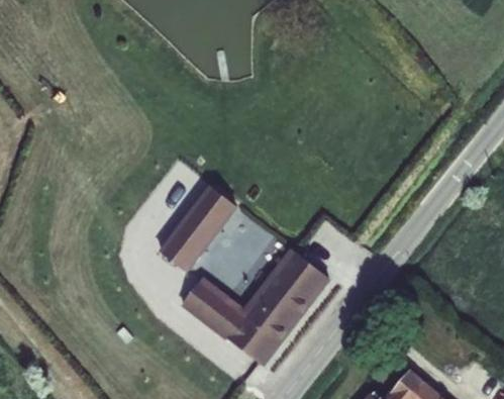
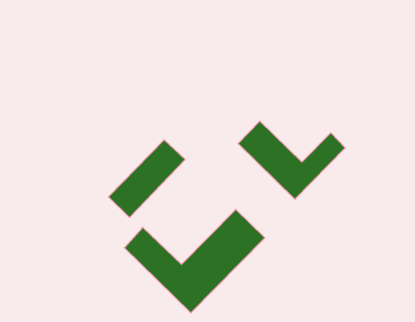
building: none -> [238,121,345,199]

